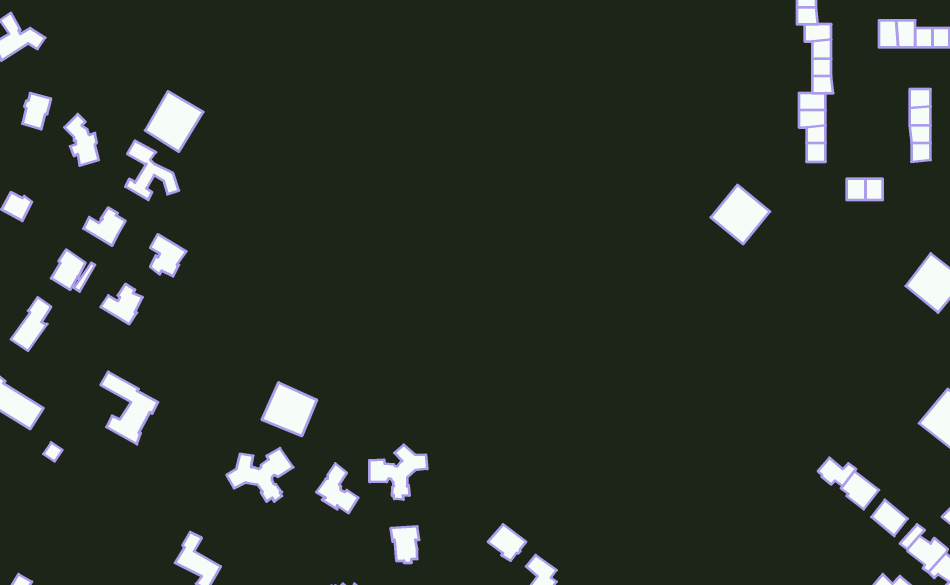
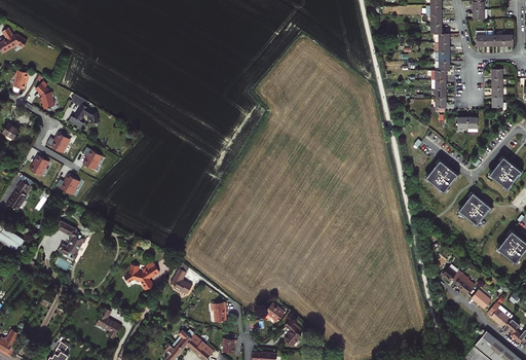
building: [145,91,203,152] -> none
building: [711,185,770,244] -> [425,159,457,191]
building: none -> [456,192,490,226]
building: [262,382,317,436] -> none
building: [369,445,427,500] -> none

